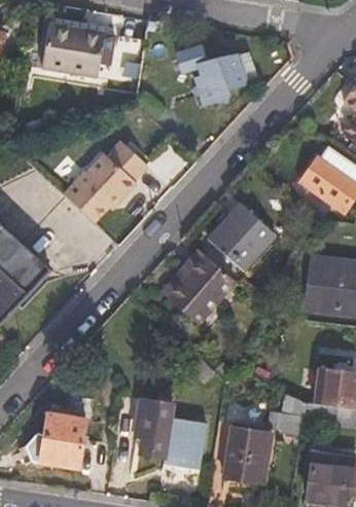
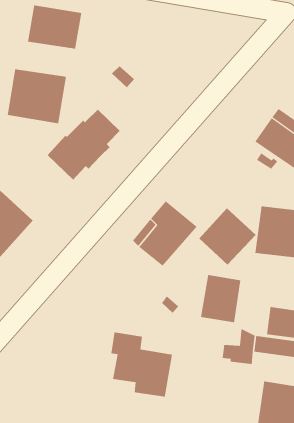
building: [173,57,242,113] -> none
building: none -> [7,69,67,124]
building: [208,203,274,268] -> [199,208,257,266]
building: [24,412,84,467] -> none
building: [224,428,271,482] -> [200,275,241,323]

